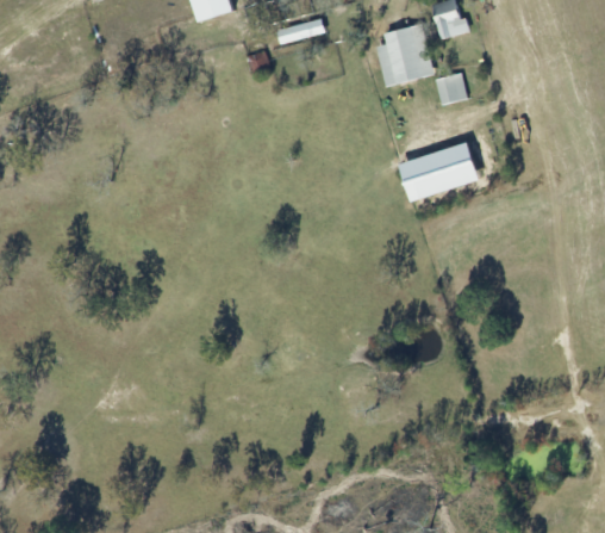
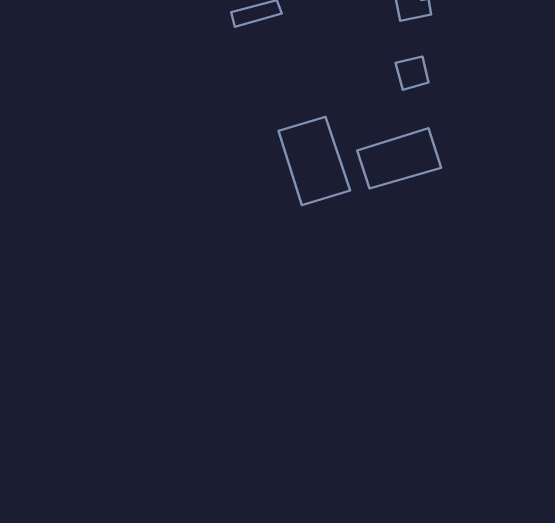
building: [376,24,434,85] -> none
building: none -> [279,117,350,205]

